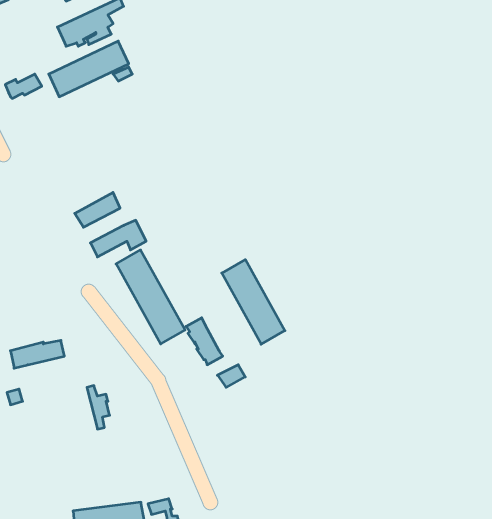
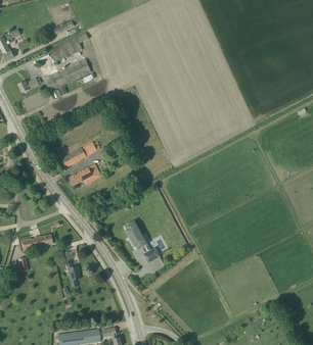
building: [116,250,185,344] -> none
building: [222,260,285,344] -> none

